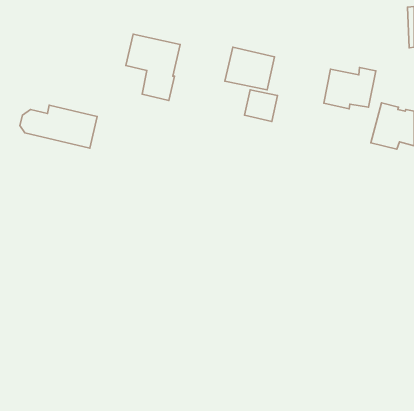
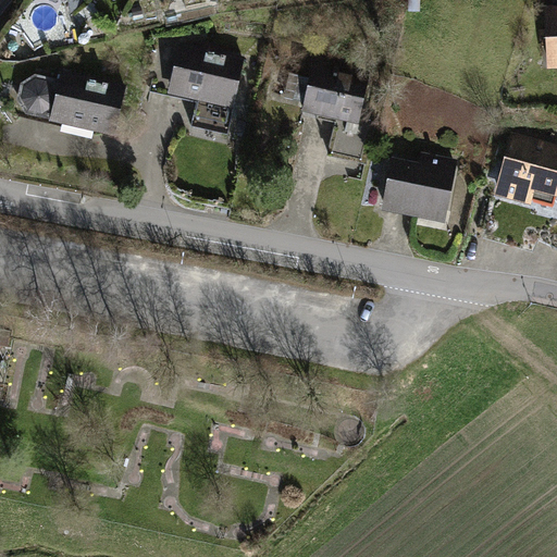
building: [324,68,376,109] -> [384,163,454,219]
building: [20,105,97,148] -> [21,77,124,135]

